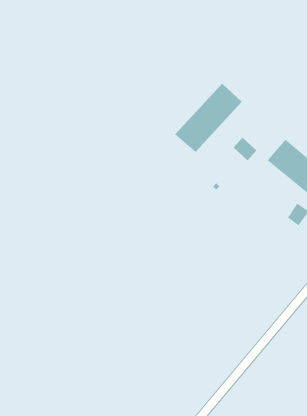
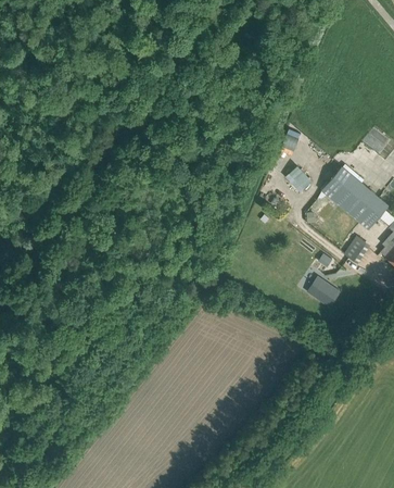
building: [174,83,242,153] -> none
building: none -> [308,277,339,306]

